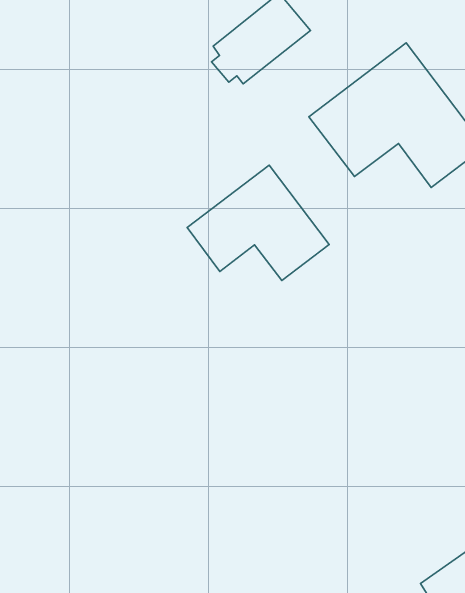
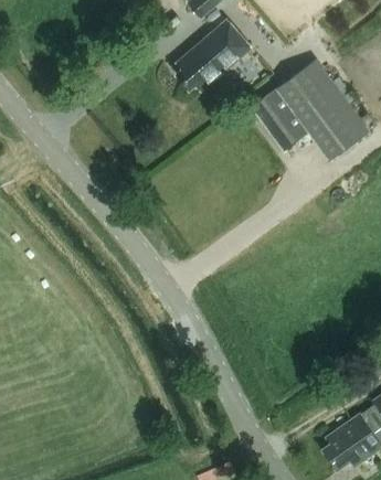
building: [187,165,329,280] -> none

